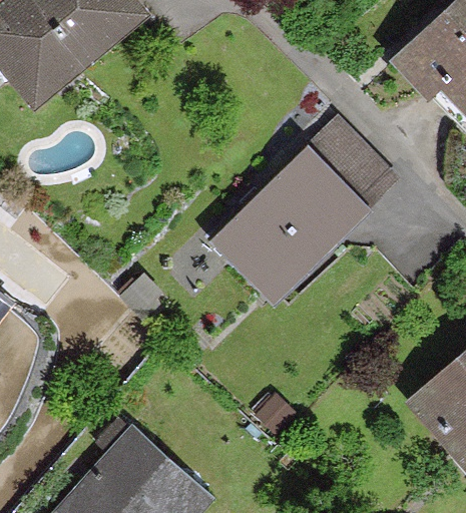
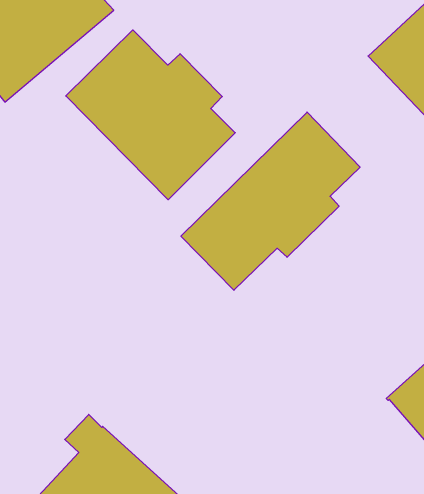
building: none -> [66,30,235,200]

